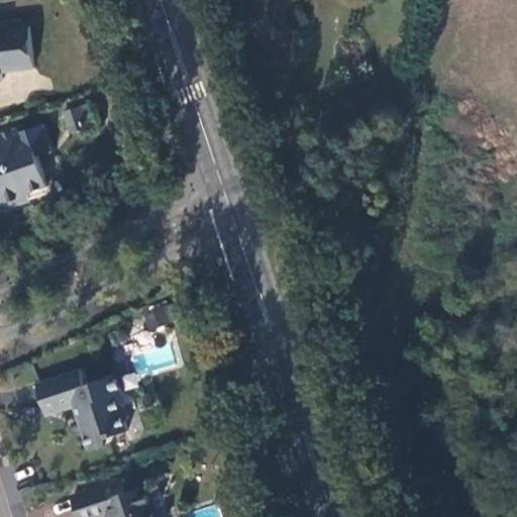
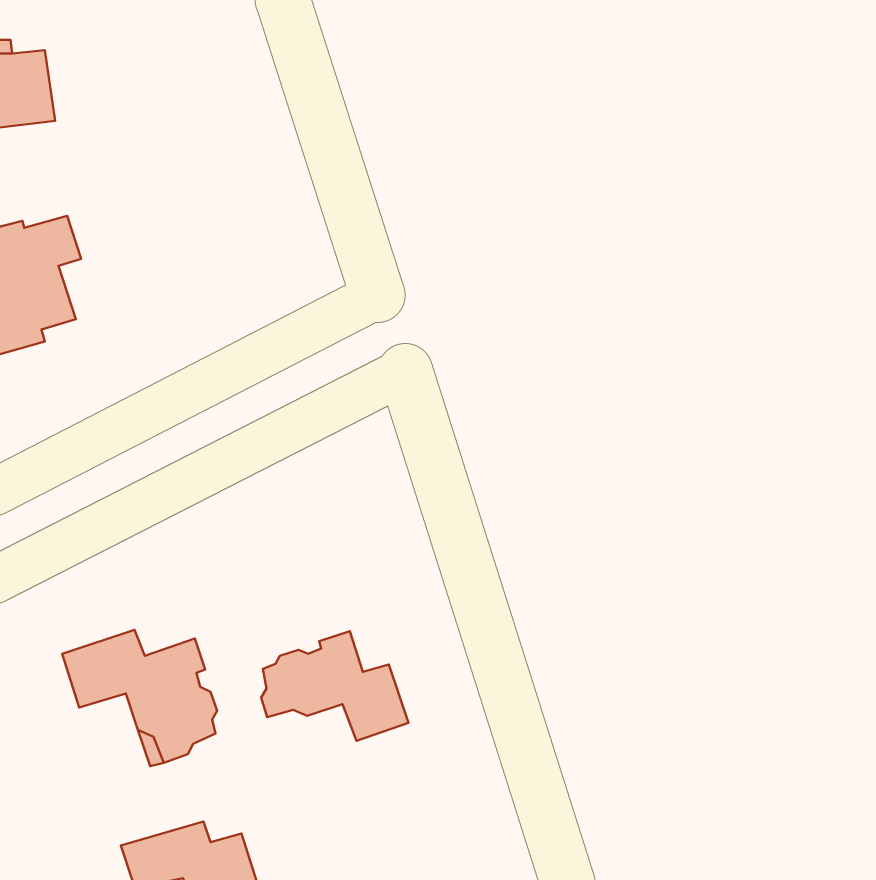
building: none -> [261,631,408,741]

